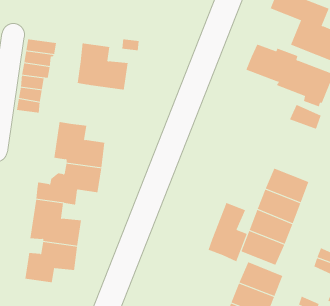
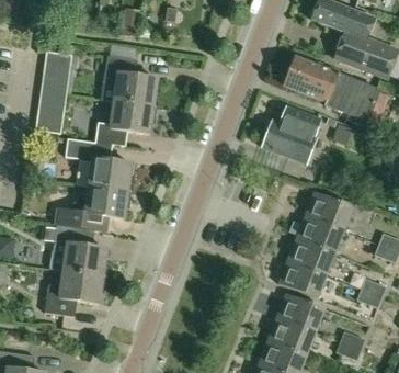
building: none -> [94,101,152,147]
building: none -> [262,105,320,162]
building: [208,202,247,262] -> none

